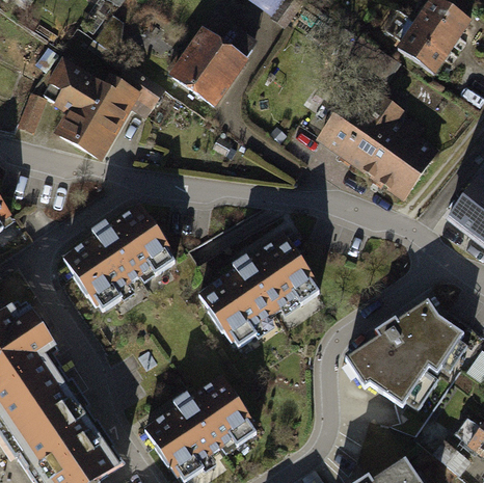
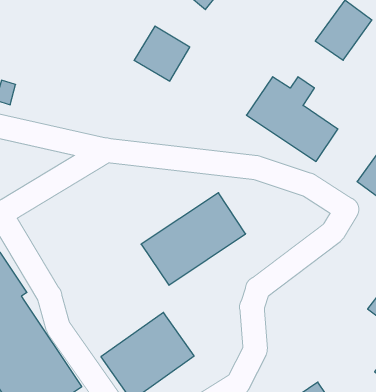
building: [47,59,139,162] -> none
building: [60,203,178,312] -> none
building: [343,298,460,403] -> none

